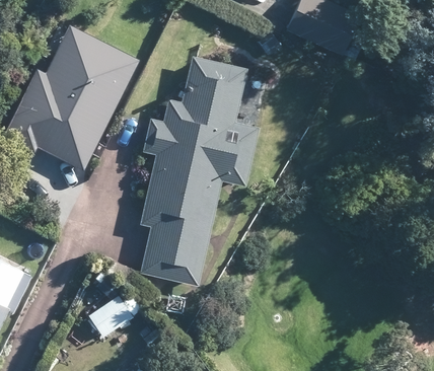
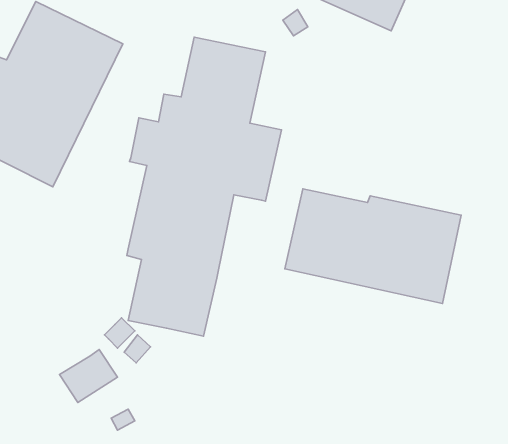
building: none -> [285,189,461,303]

